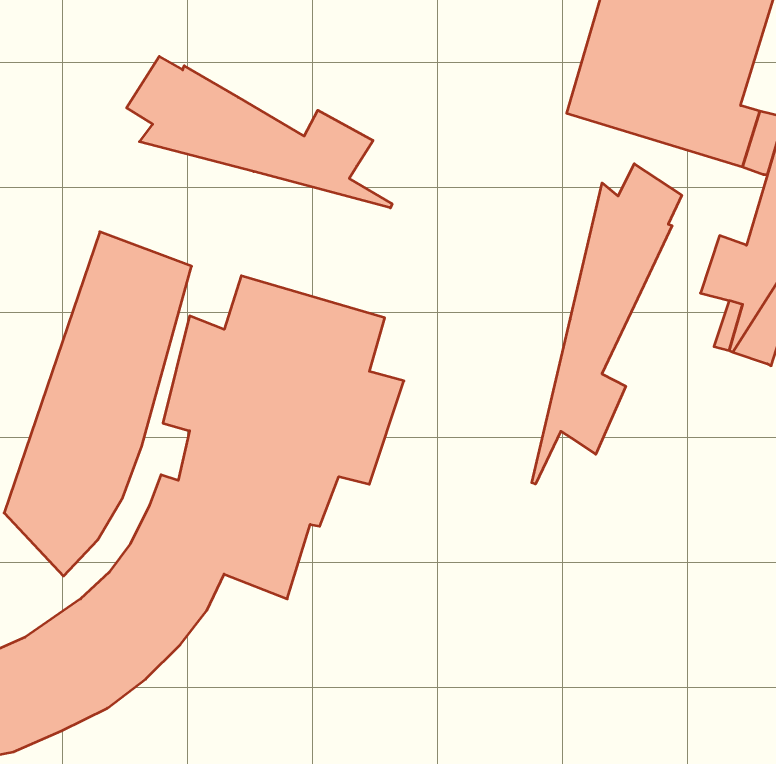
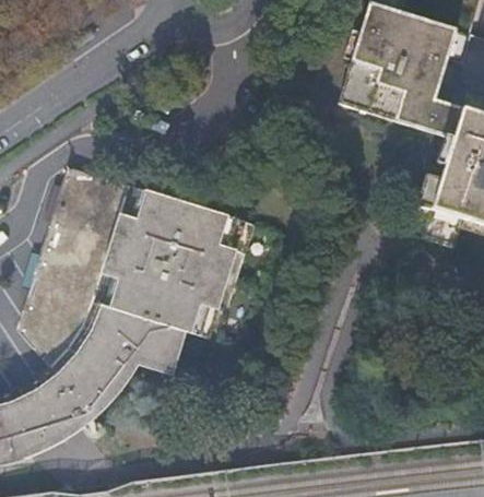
building: [127,56,392,208] -> none
building: [532,164,682,484] -> none

